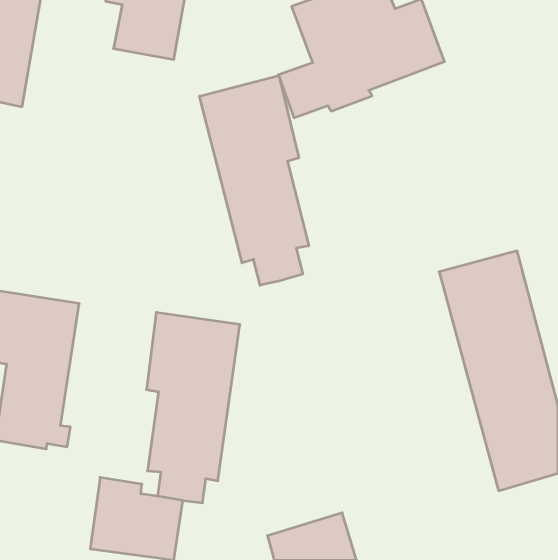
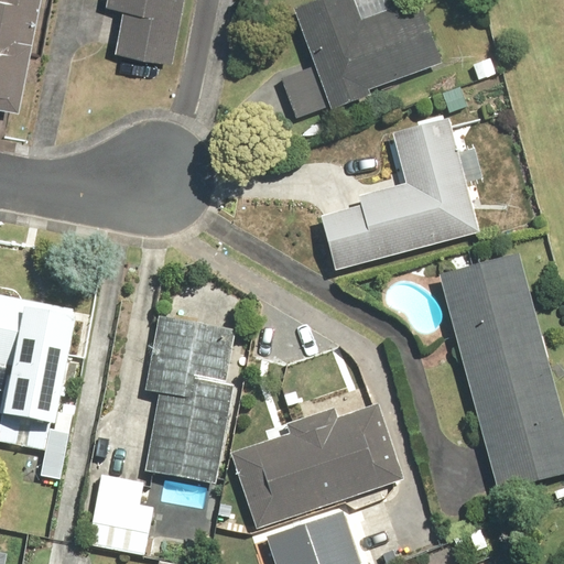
building: [200,76,309,285] -> none
building: none -> [310,126,470,280]
building: none -> [230,403,404,528]

